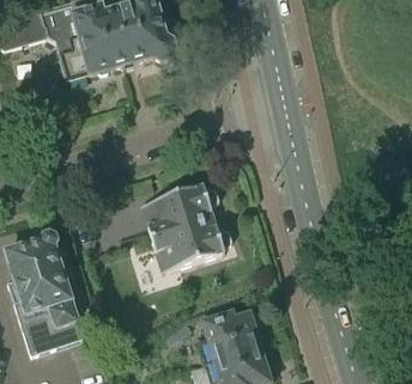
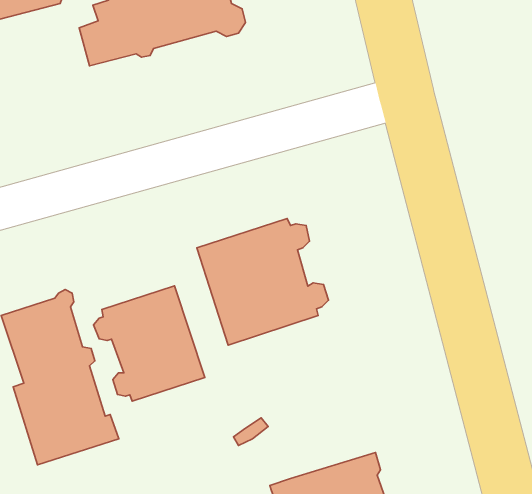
building: none -> [93,286,205,401]
building: [200,309,265,364] -> none

